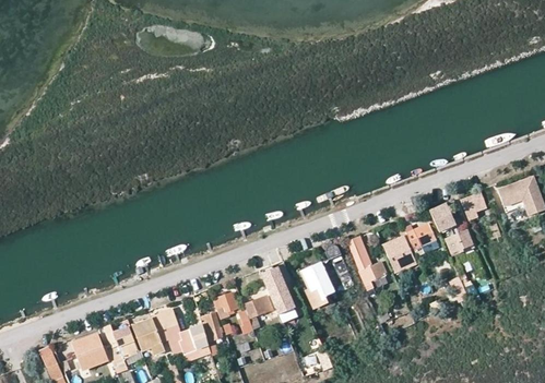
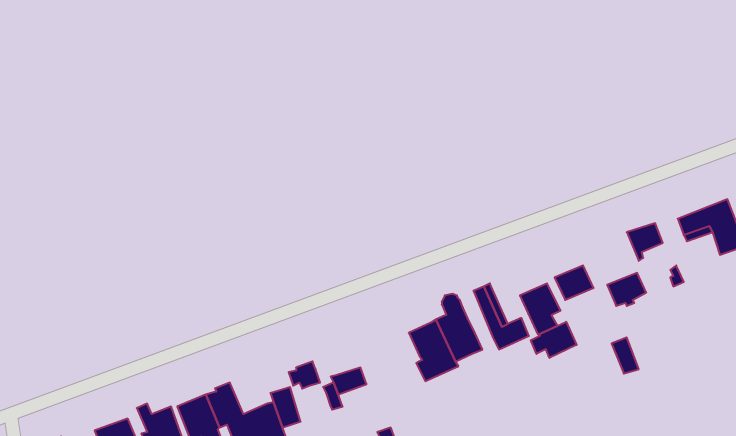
building: [429,202,457,231] -> none
building: none -> [531,322,577,358]
building: [261,265,296,313] -> none

